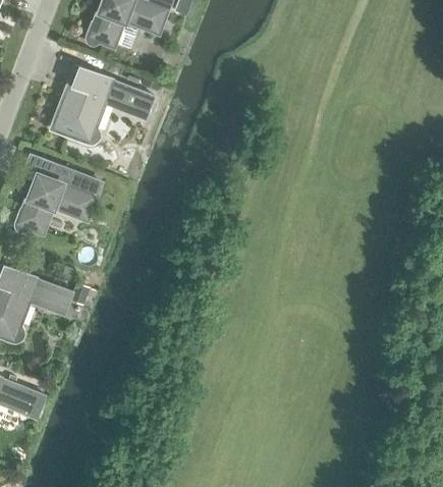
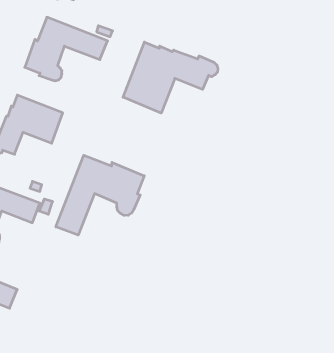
building: none -> [123,42,218,113]
building: none -> [56,155,144,235]

